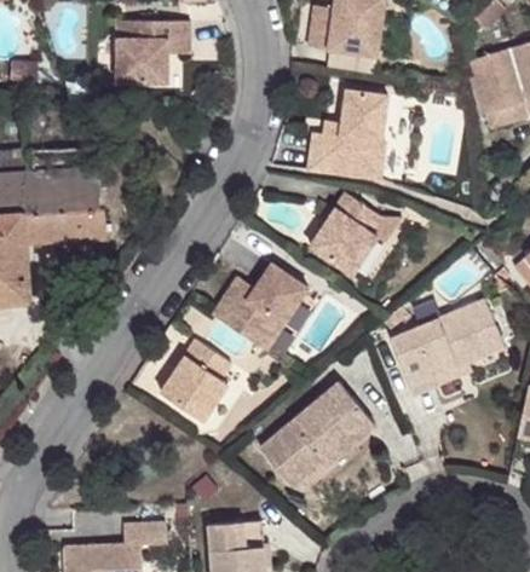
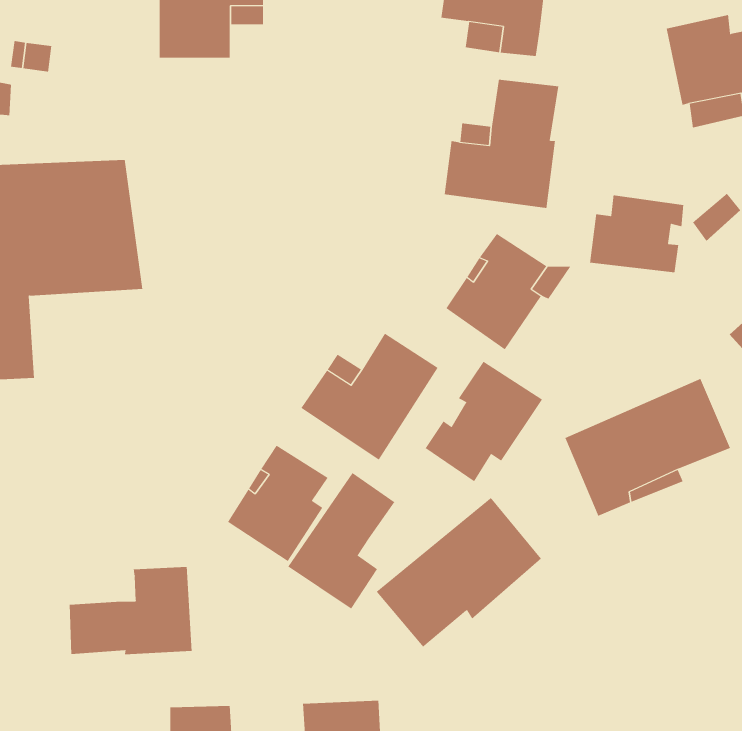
building: none -> [590,195,684,273]
building: none -> [425,361,543,482]
building: none -> [287,472,395,609]
building: none -> [69,566,192,655]

